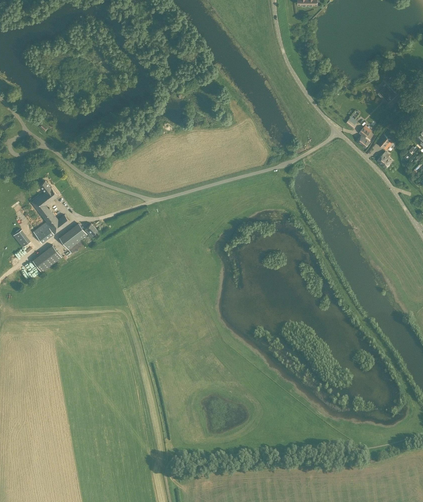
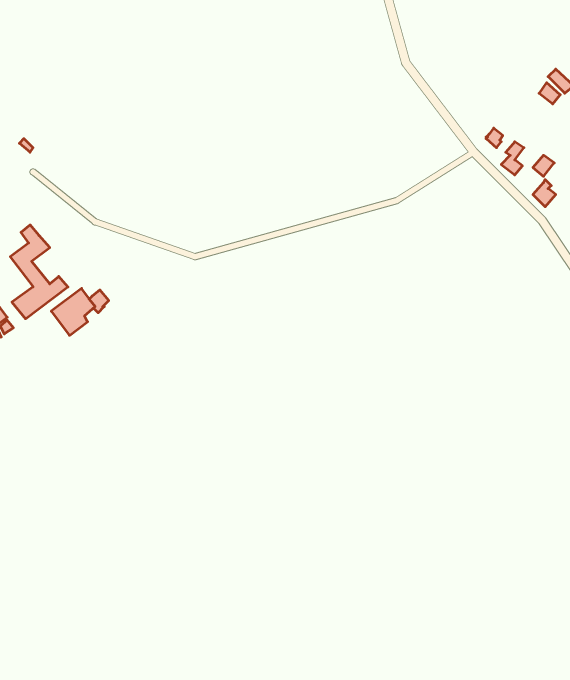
building: [32,244,61,271] -> none

